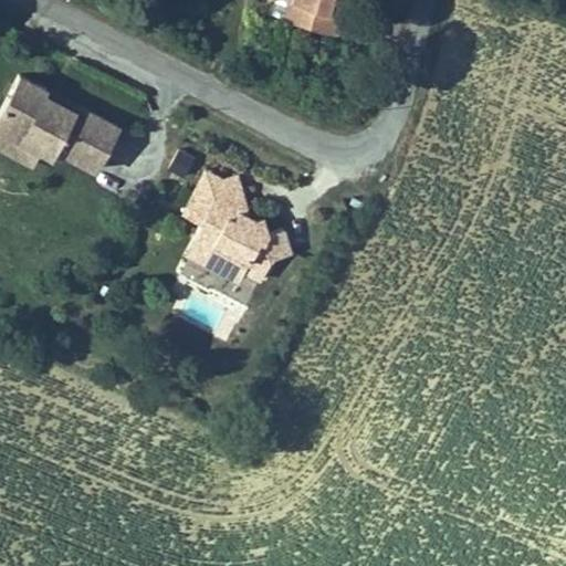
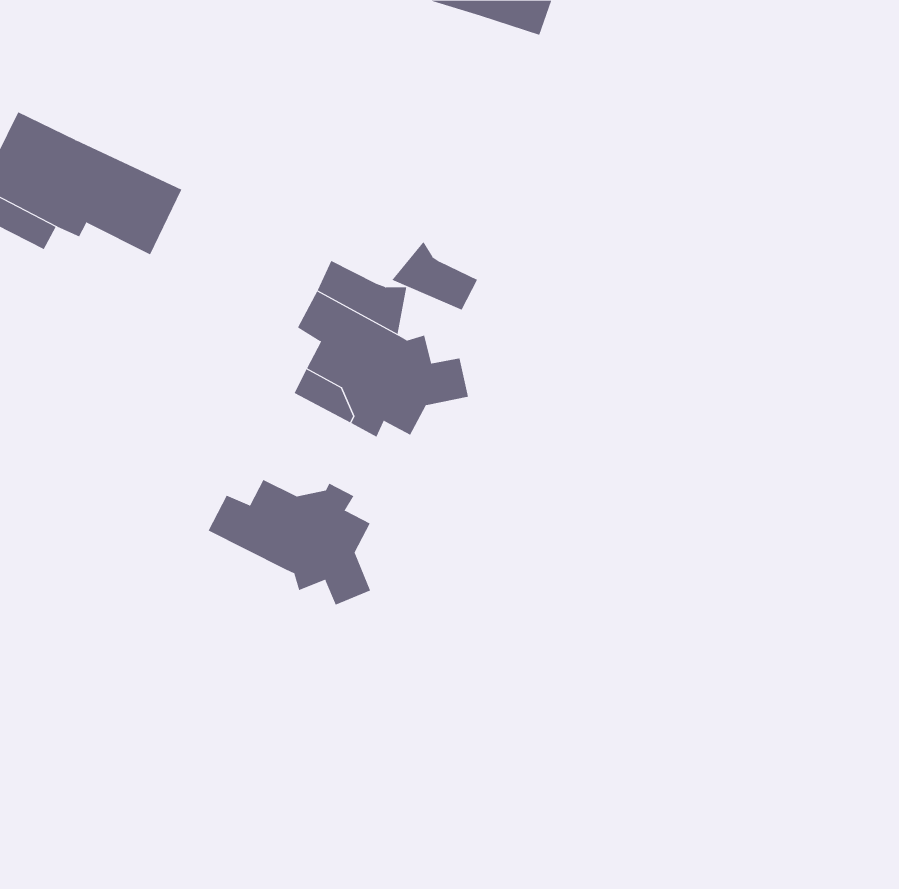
building: none -> [391,241,478,311]
building: none -> [208,479,371,606]

